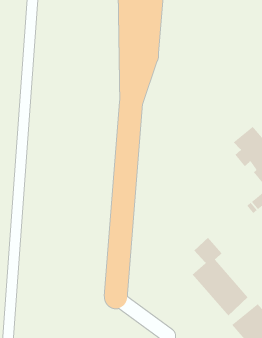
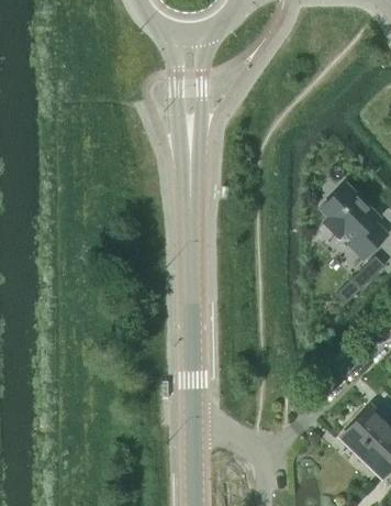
building: [192,237,248,316] -> none

